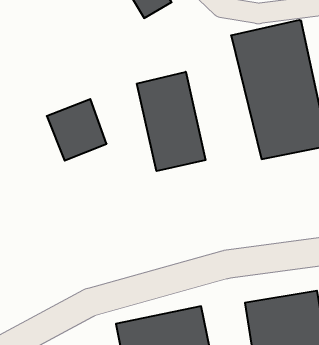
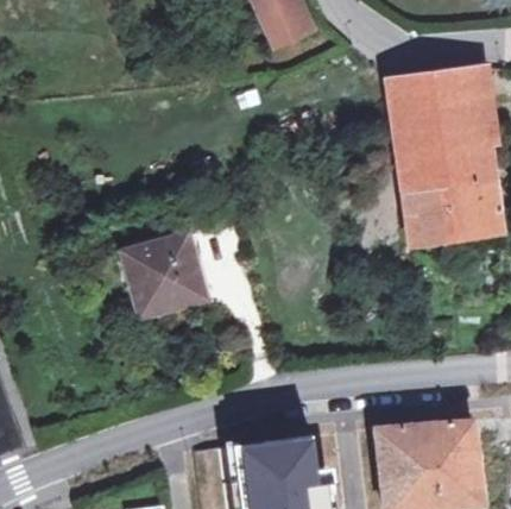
building: [137,72,206,171] -> none
building: [47,99,107,161] -> [128,239,204,318]

